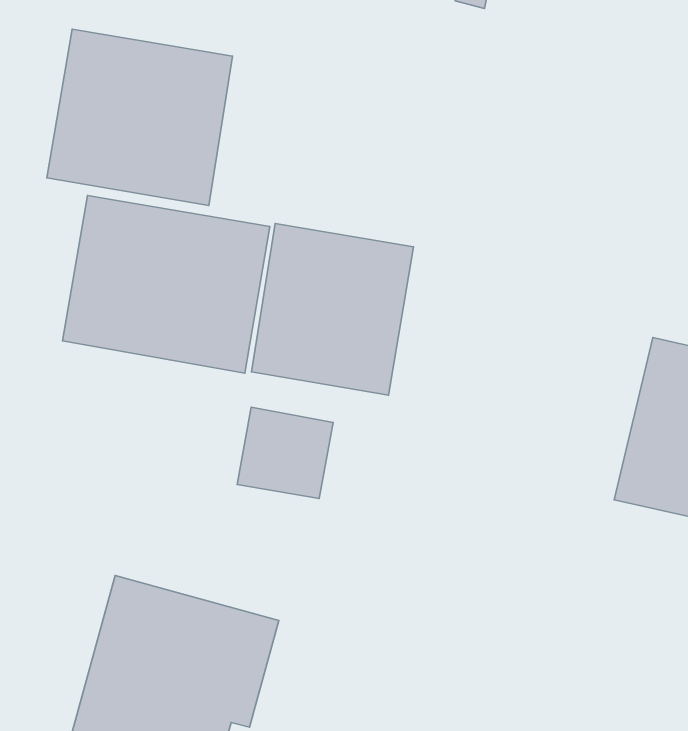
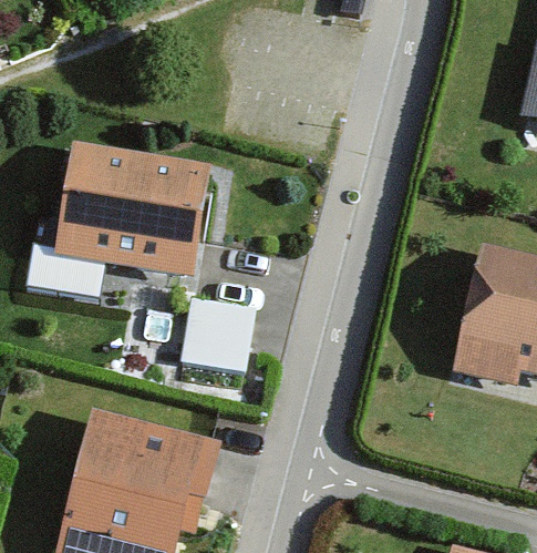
building: [47,29,232,205] -> none
building: [251,223,414,395] -> none

